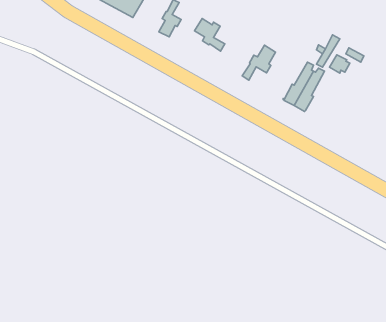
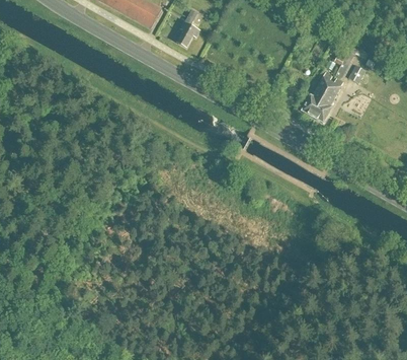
building: [195,19,225,51] -> none
building: [242,45,276,80] -> none

